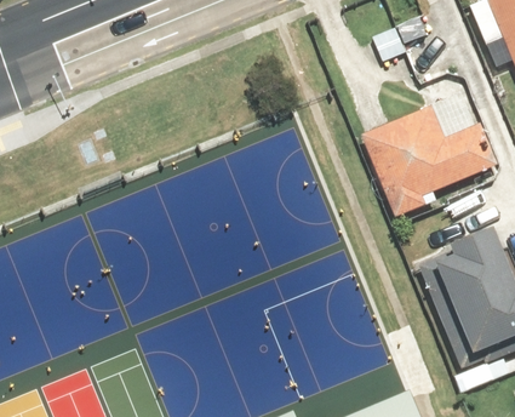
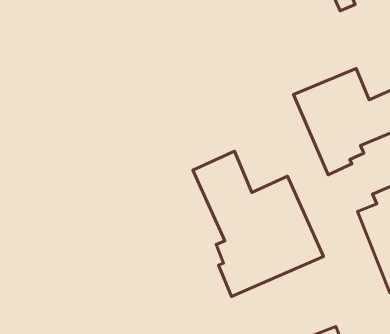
building: none -> [193,151,324,296]

